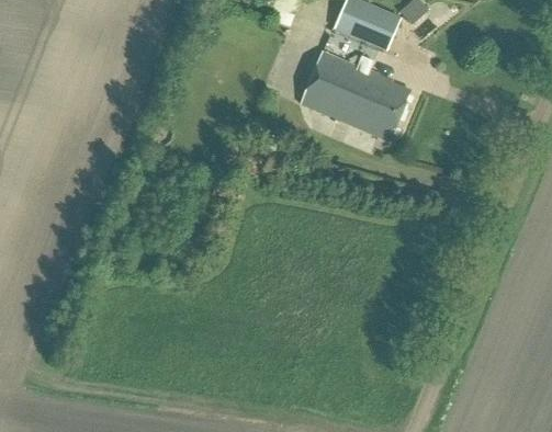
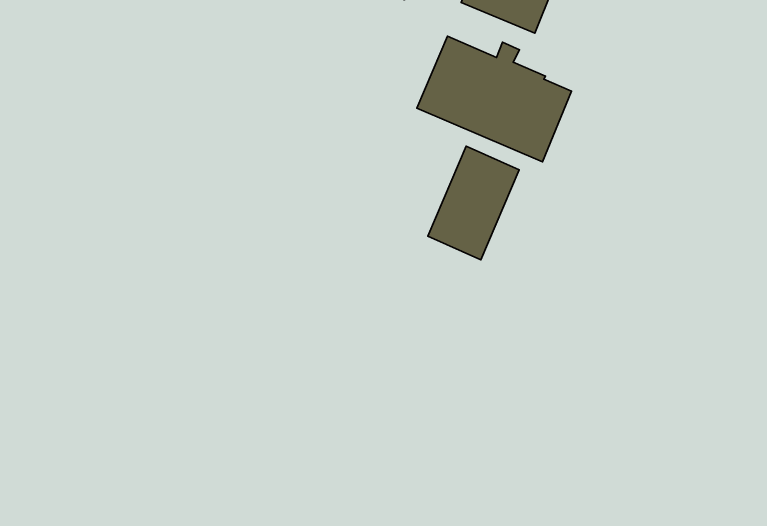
building: none -> [428,146,519,260]

